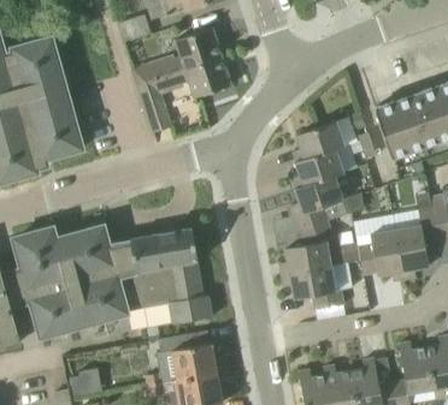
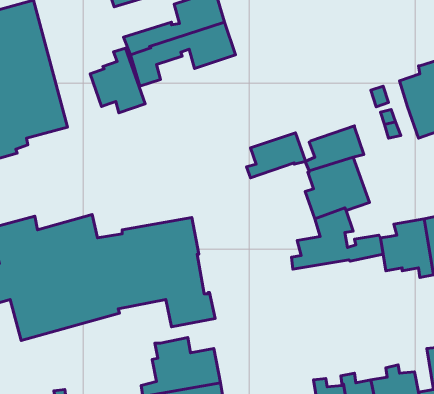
building: none -> [90,48,145,113]
building: [293,120,344,160] -> [246,133,305,178]
building: [281,264,343,309] -> none

